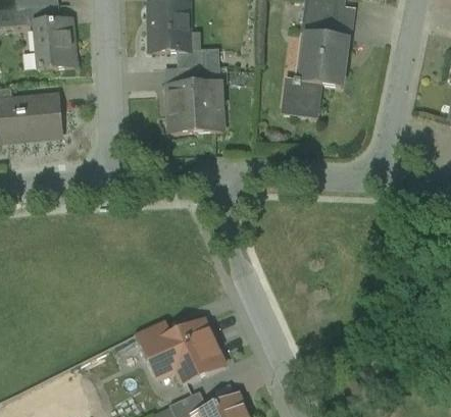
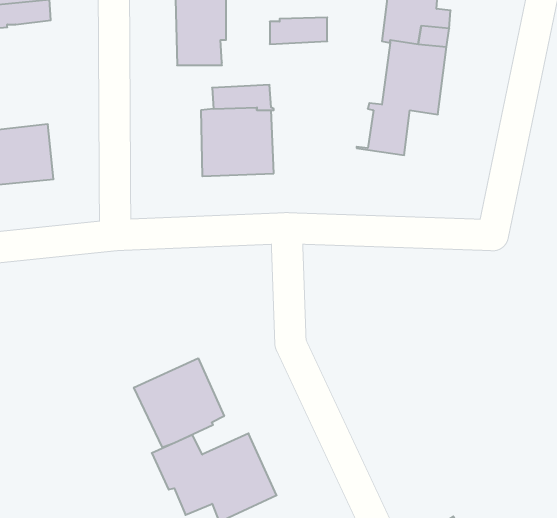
building: [34,16,73,68] -> none
building: [177,47,218,66] -> [270,17,327,44]
building: none -> [134,358,224,447]

